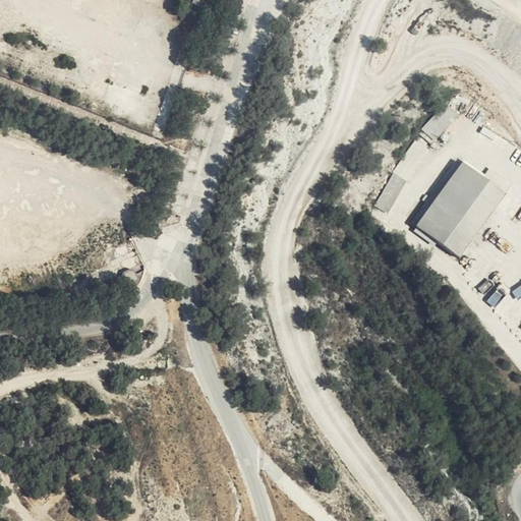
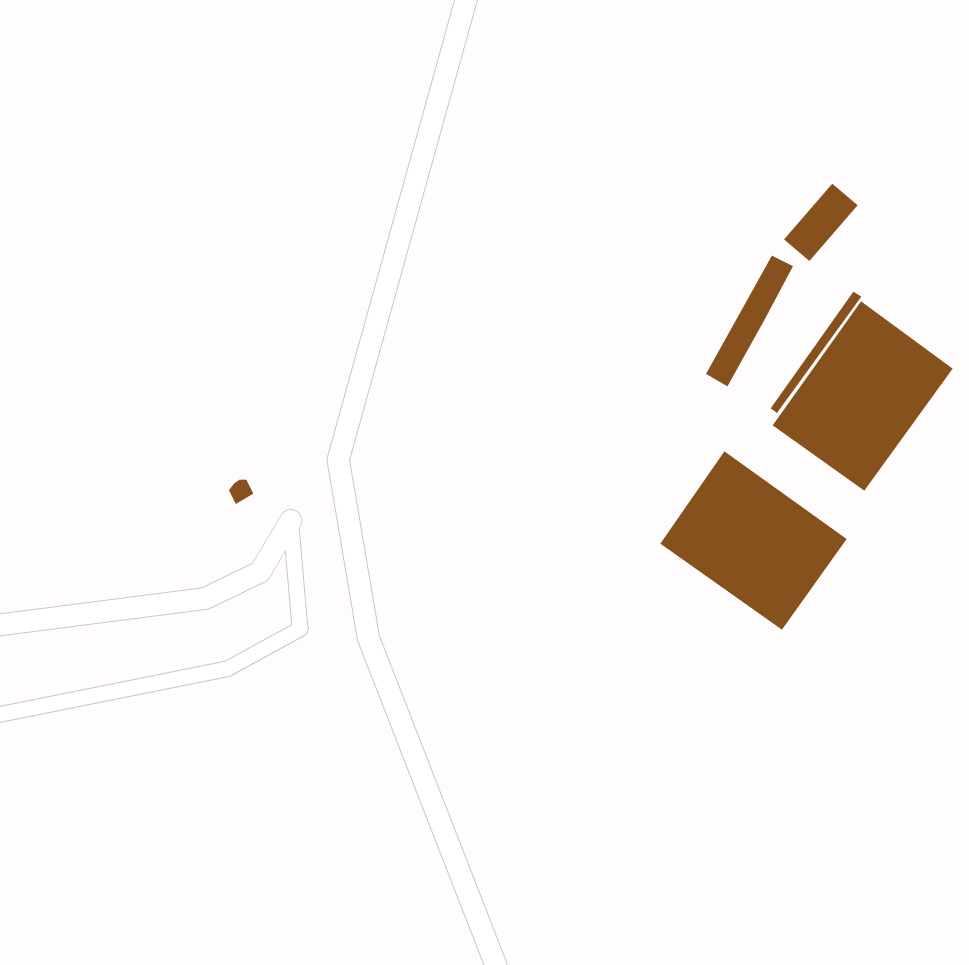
building: none -> [659,450,848,631]

